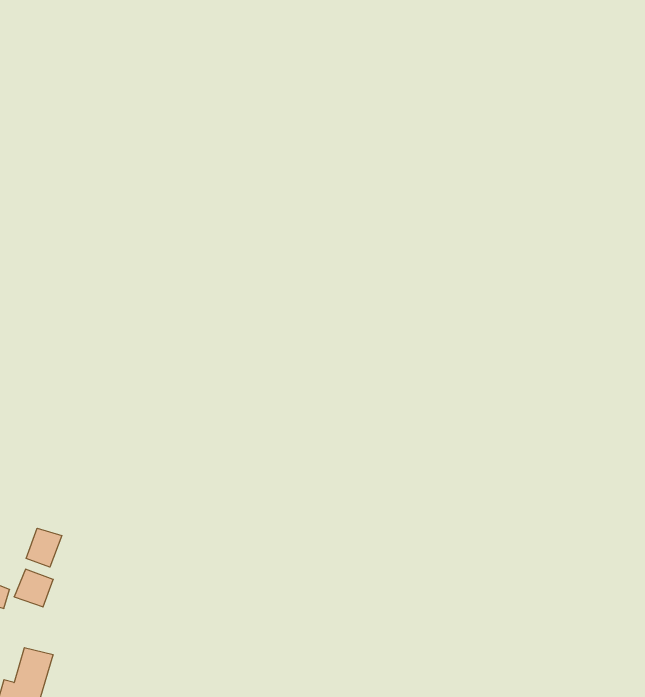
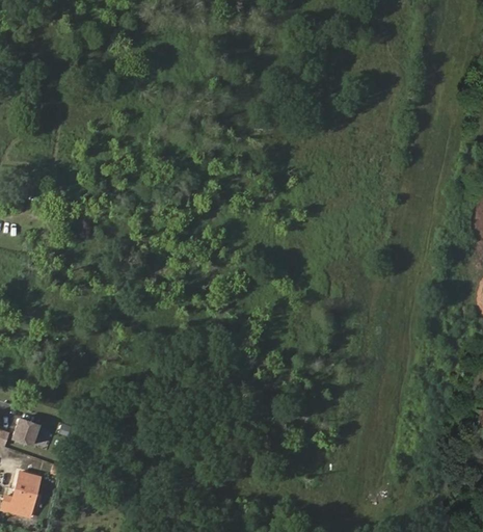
building: [26,528,62,567] -> none

